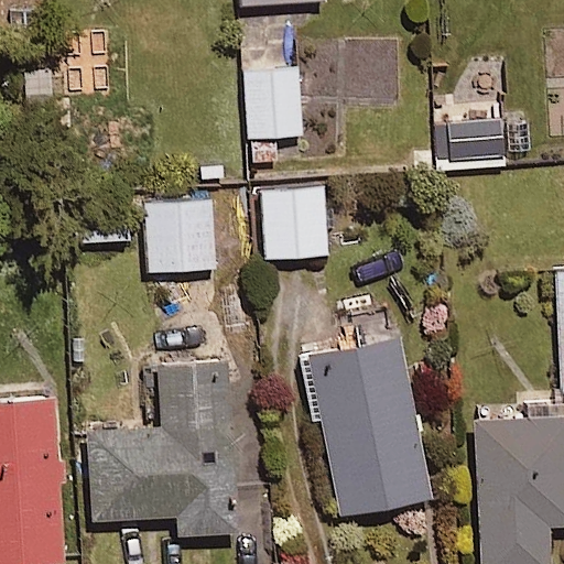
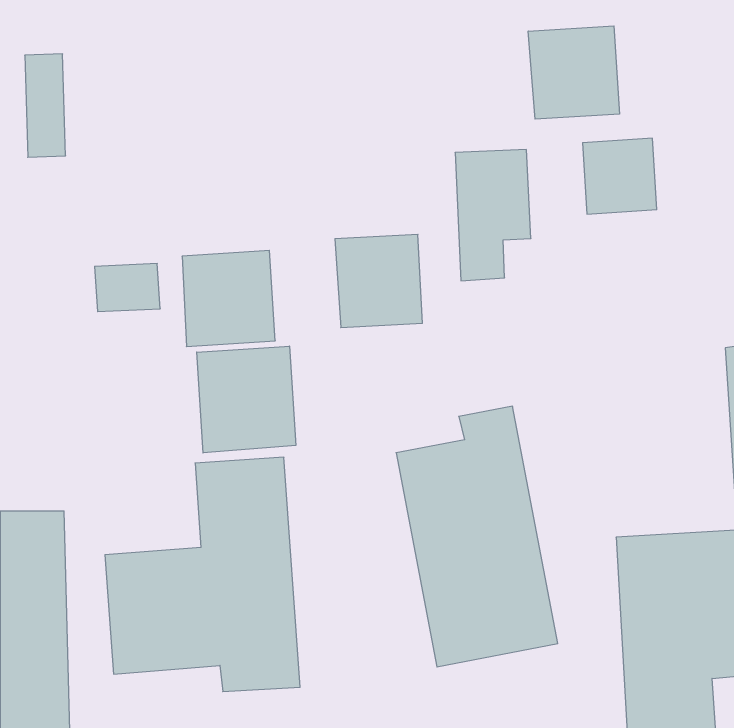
building: none -> [528,26,619,119]
building: [246,70,303,170] -> [455,150,531,281]
building: none -> [197,346,296,453]

